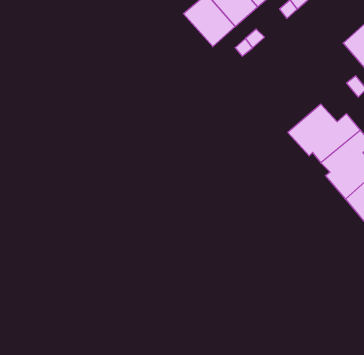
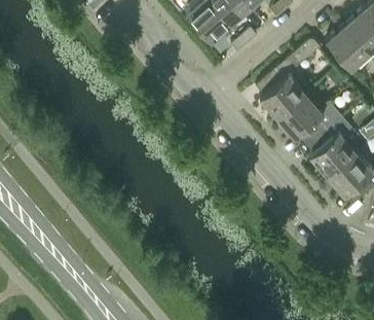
building: none -> [257,41,321,120]

